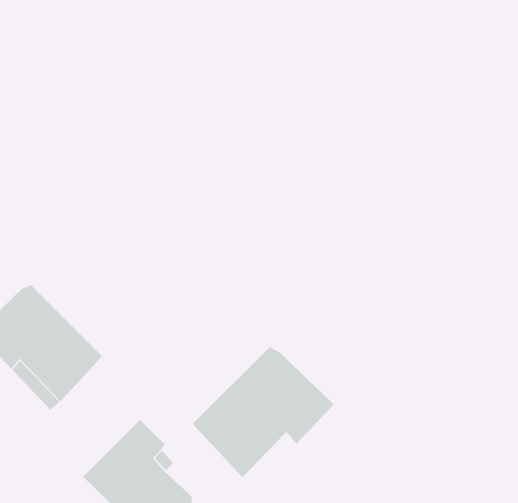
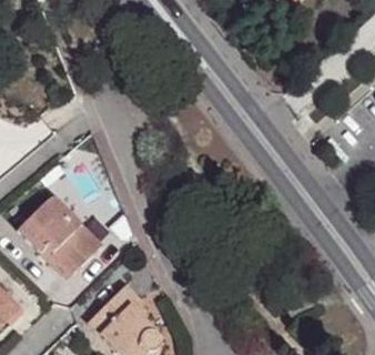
building: [192,346,334,478] -> none

